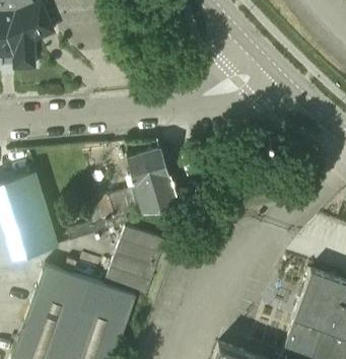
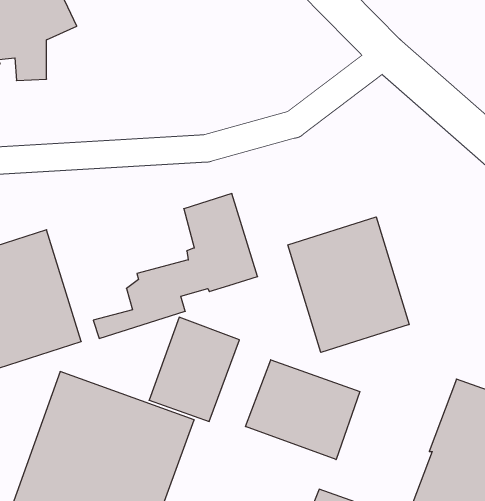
building: none -> [288,217,409,352]
building: none -> [246,360,360,460]

